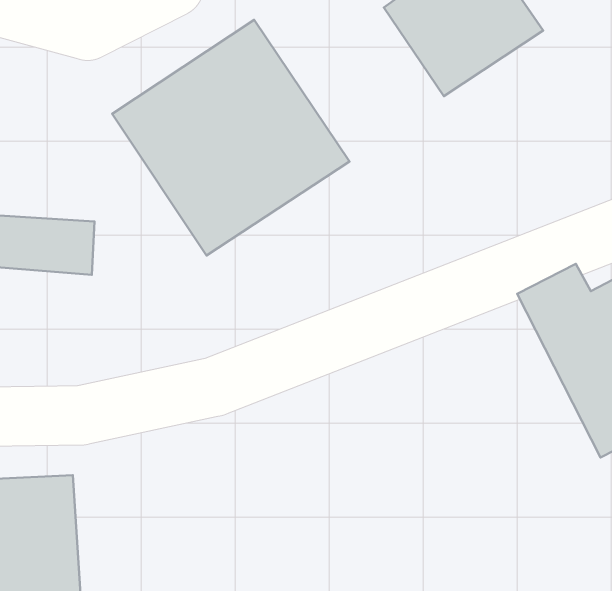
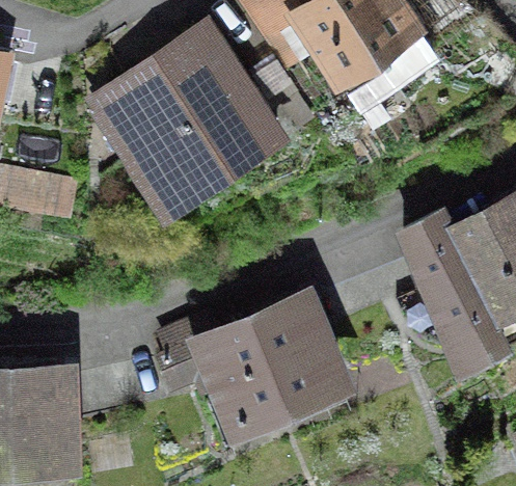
building: none -> [171,298,340,450]

